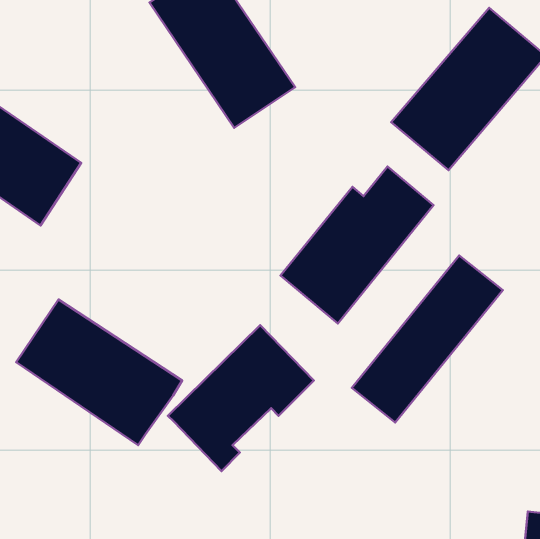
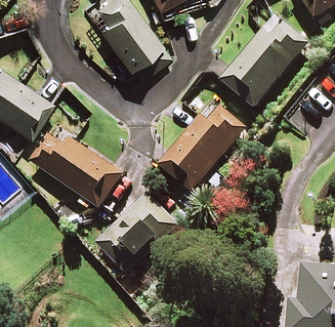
building: [352,255,503,422] -> none
building: [16,299,182,445] -> [29,127,121,208]

